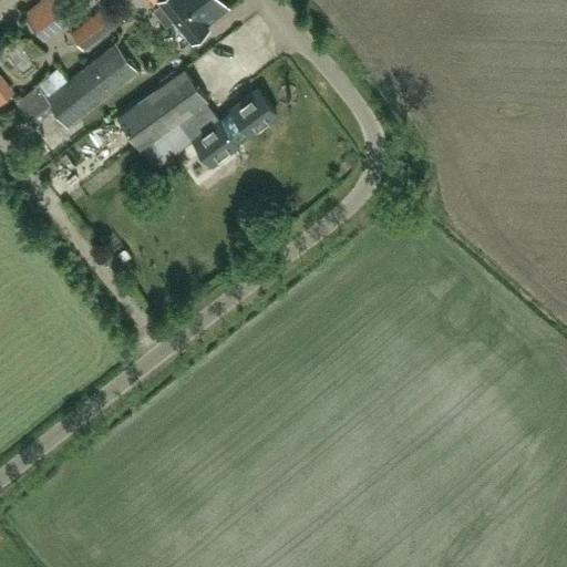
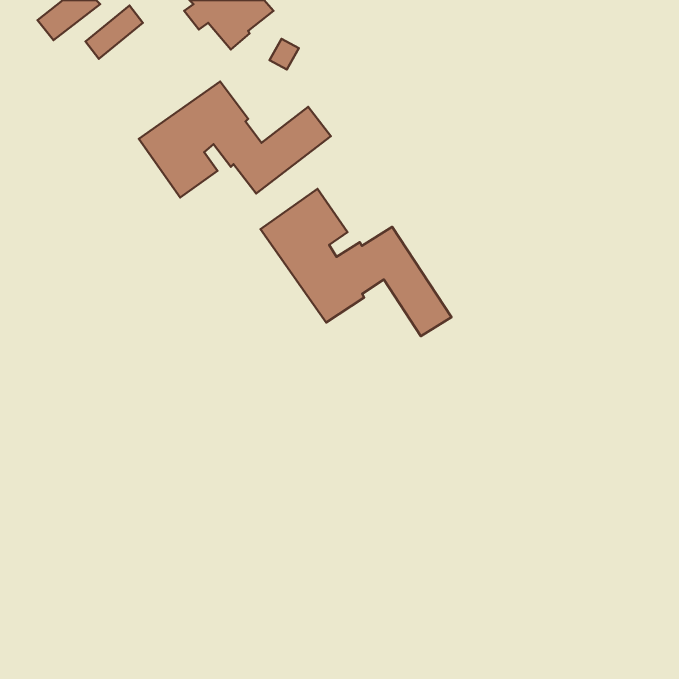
building: [16,44,136,127] -> none
building: none -> [261,189,451,336]

